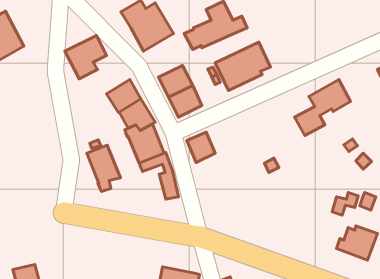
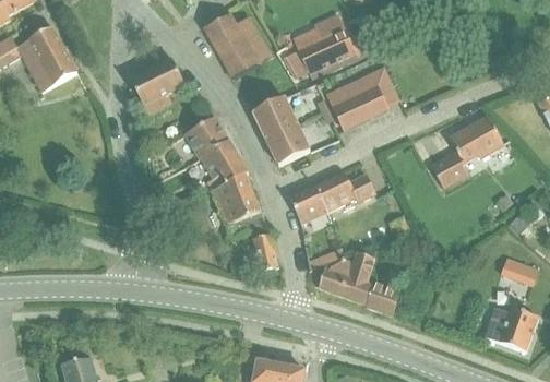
building: none -> [314,170,374,212]
building: [87,145,120,191] -> none
building: none -> [318,252,399,314]

